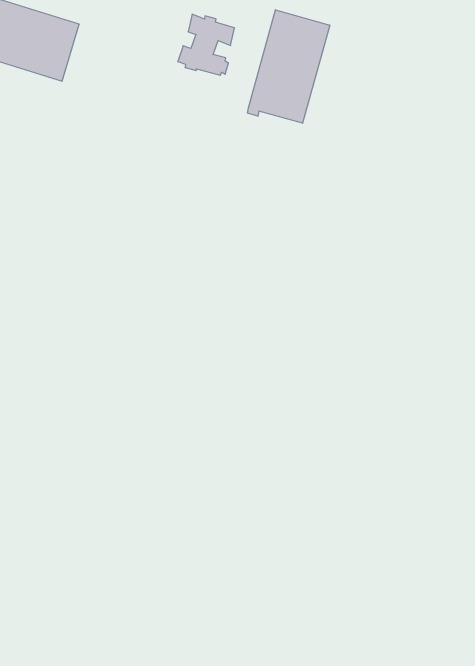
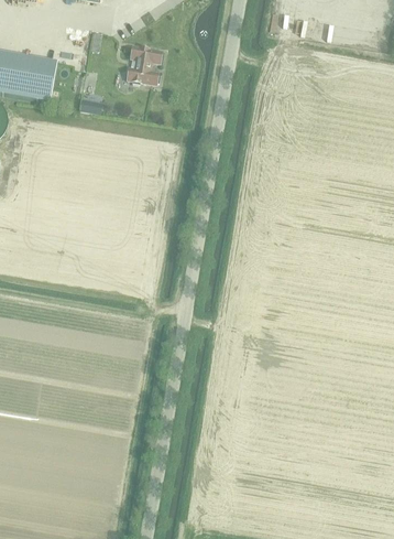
building: [248,10,330,123] -> none

